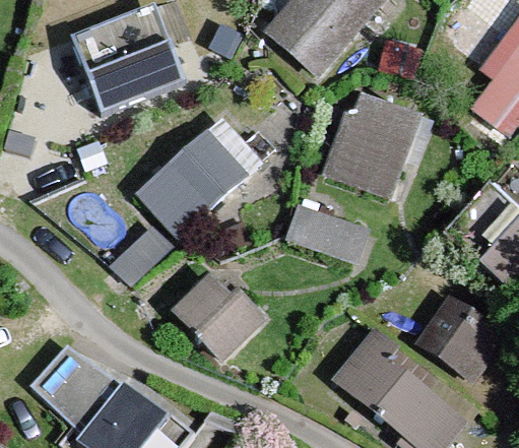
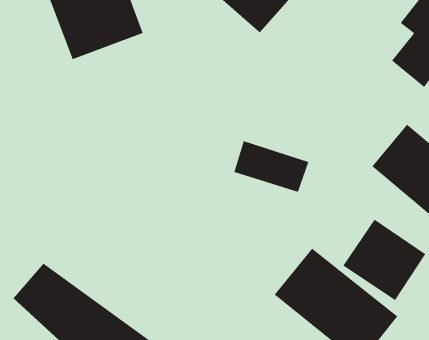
building: [323,90,421,200] -> none
building: [135,117,264,242] -> none
building: [172,271,264,364] -> none

